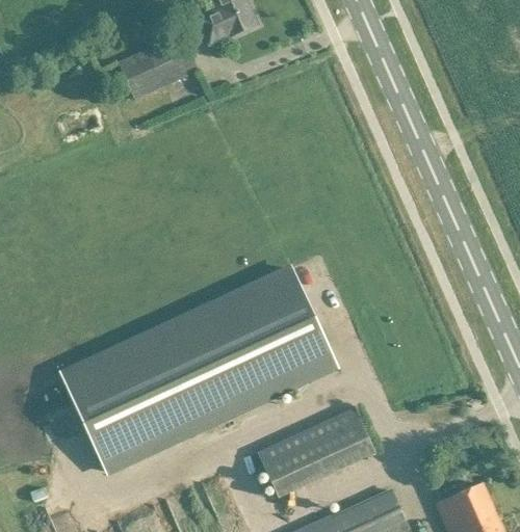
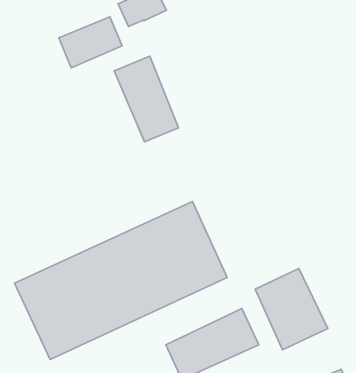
building: none -> [114,56,178,142]
building: none -> [255,269,328,350]

